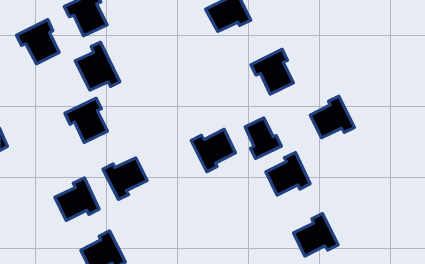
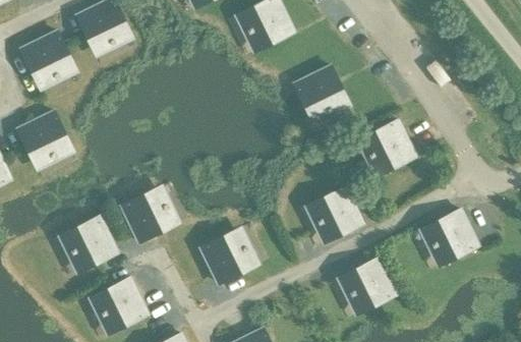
building: [75,42,120,90] -> none
building: [65,98,108,143] -> [17,112,67,164]
building: [245,118,281,158] -> none
building: [191,129,236,172] -> [200,234,252,284]
building: none -> [425,210,478,260]

